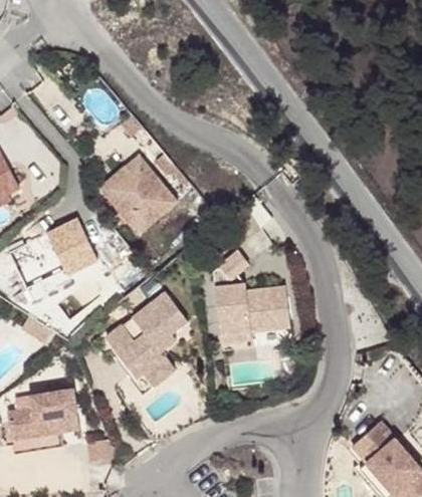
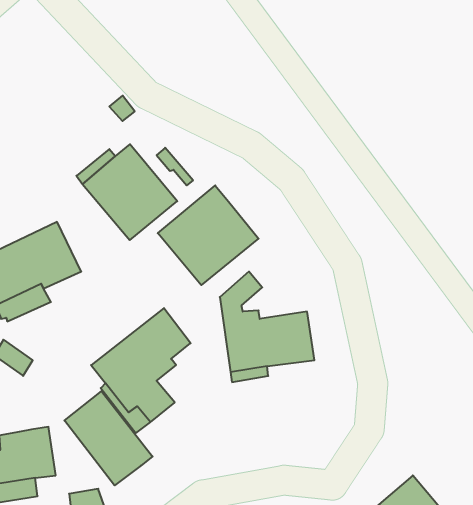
building: none -> [158,185,259,285]
building: none -> [64,391,153,485]

